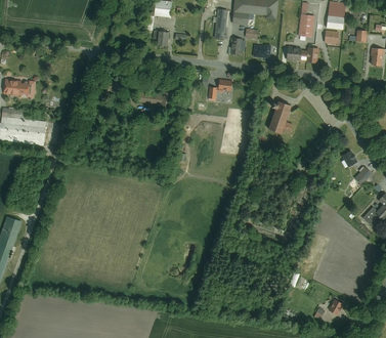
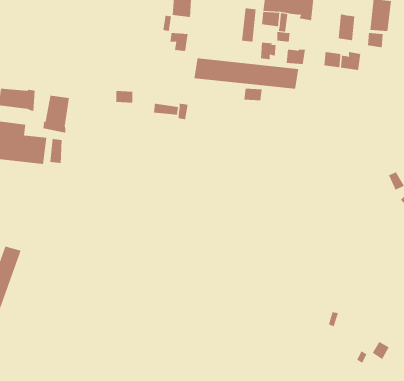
building: none -> [194,58,299,90]
building: none -> [43,95,70,133]
building: [268,101,291,134] -> none

